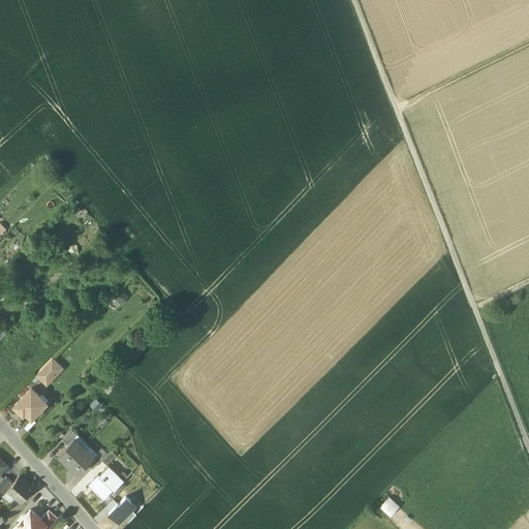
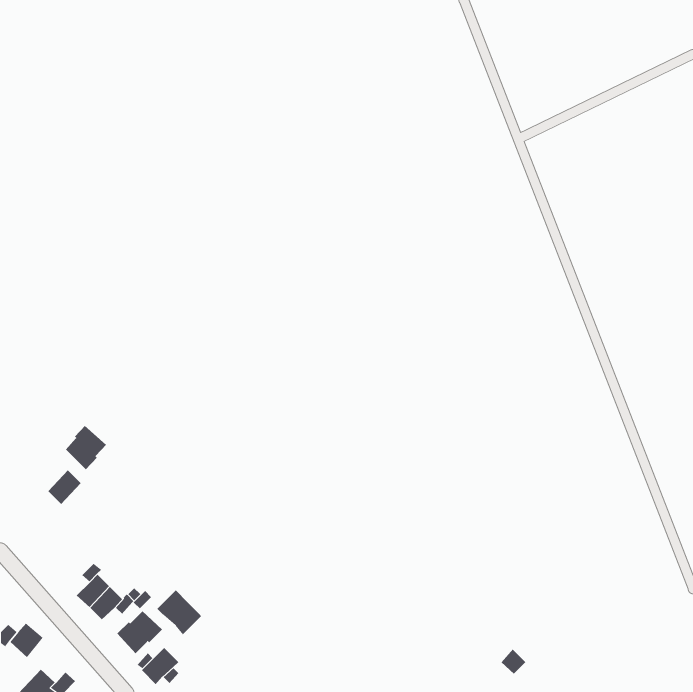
building: none -> [65,425,107,470]
building: [14,388,46,418] -> none
building: none -> [157,590,202,635]

